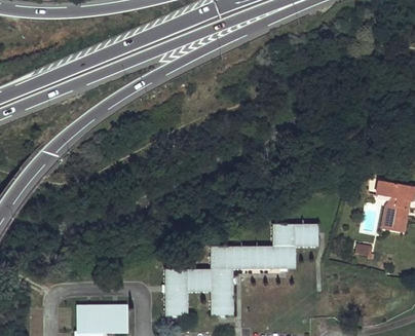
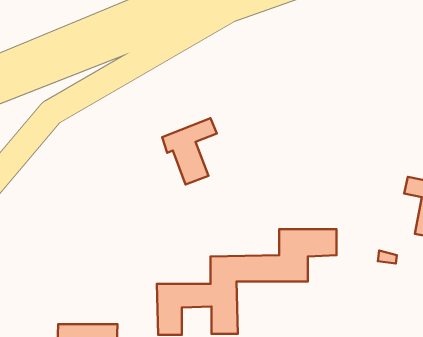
building: none -> [162,118,217,185]

